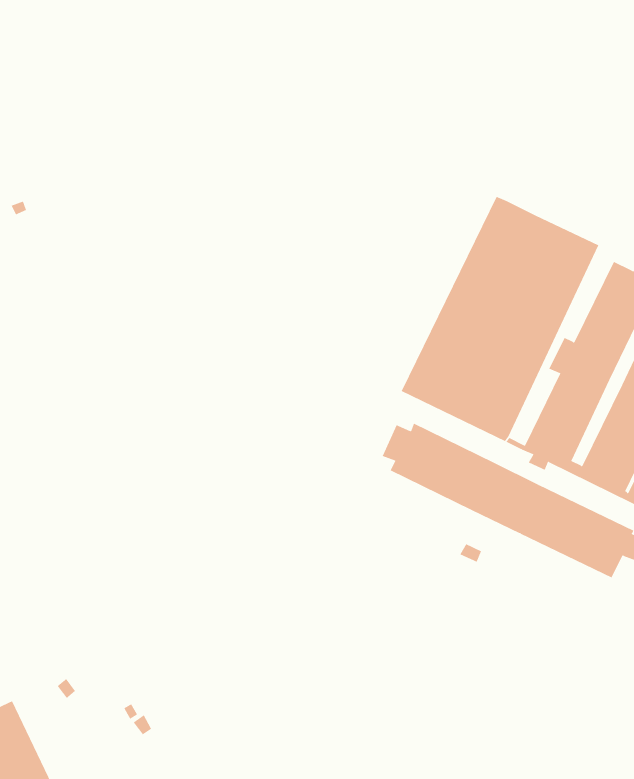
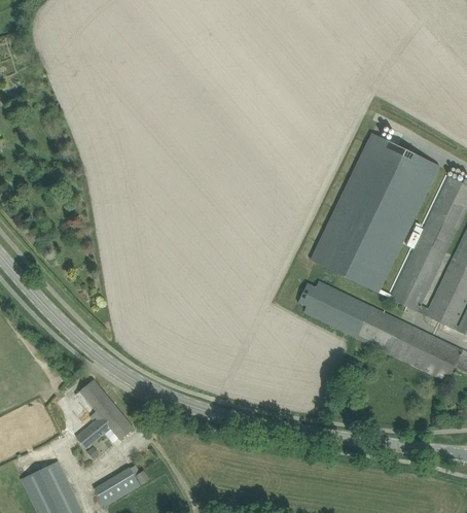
building: none -> [73,379,133,447]
building: none -> [92,466,140,506]

